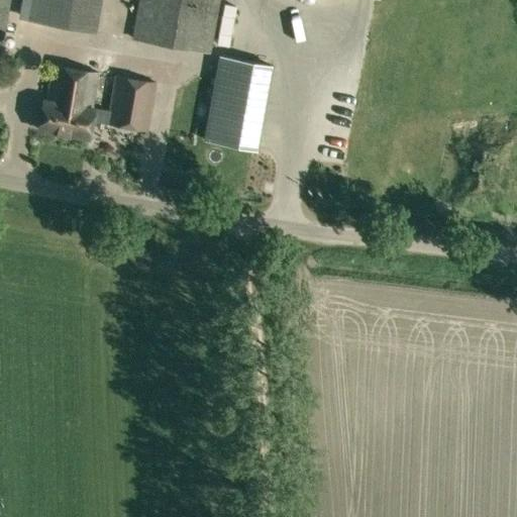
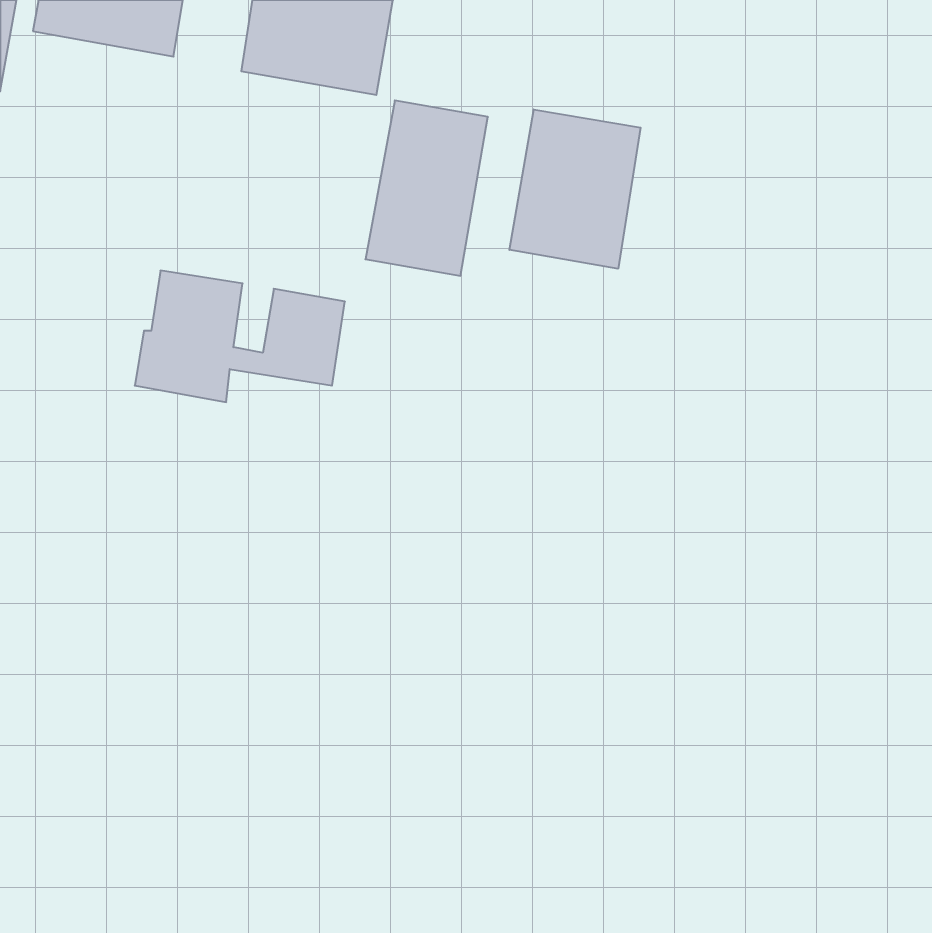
building: none -> [509,109,641,269]
building: [39,66,156,138] -> [135,271,345,402]

